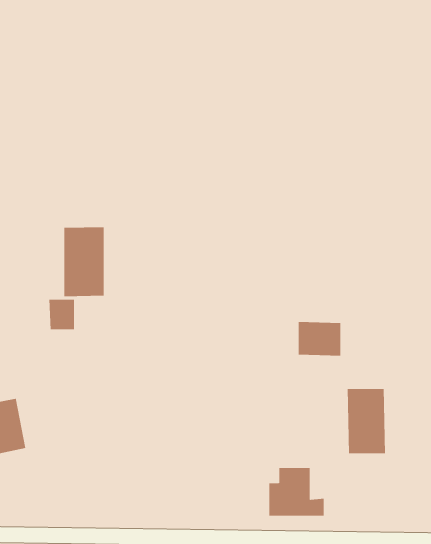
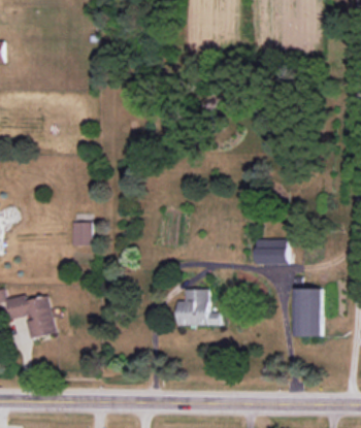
building: [64,226,104,297] -> none
building: [269,467,324,516] -> [177,290,219,326]

